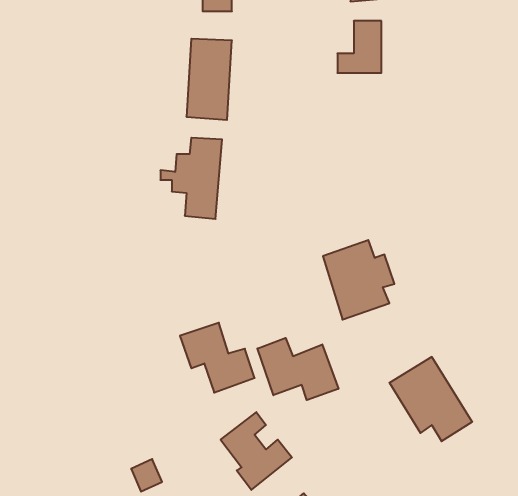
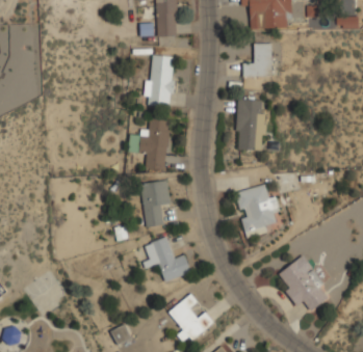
building: none -> [235,98,265,151]
building: none -> [140,181,171,227]
building: [257,338,338,400] -> none

